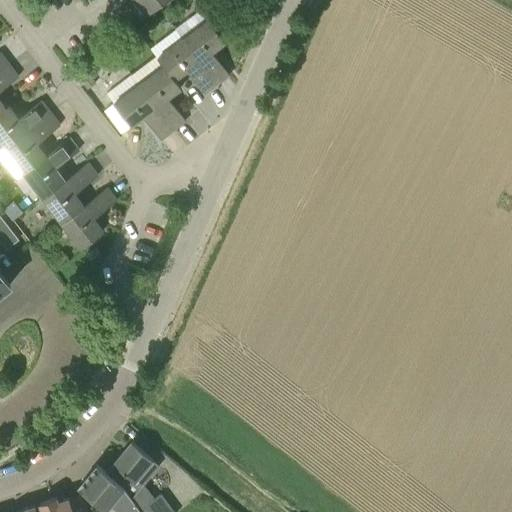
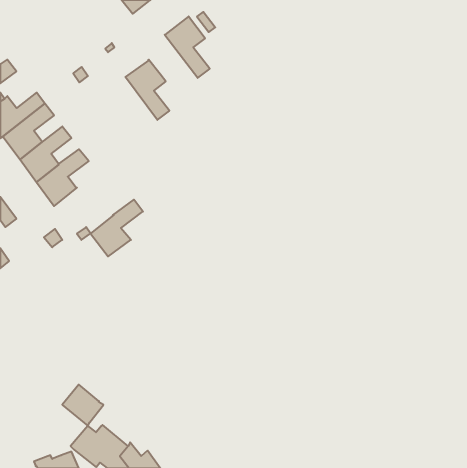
building: [156,38,217,95] -> none
building: [113,84,173,140] -> none
building: [60,188,117,250] -> [91,200,143,256]
building: [113,442,158,487] -> [62,385,103,426]

